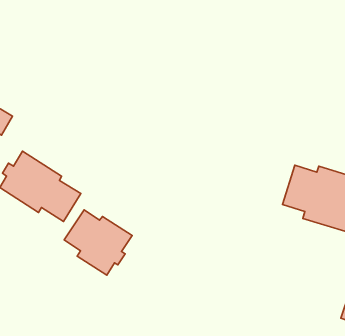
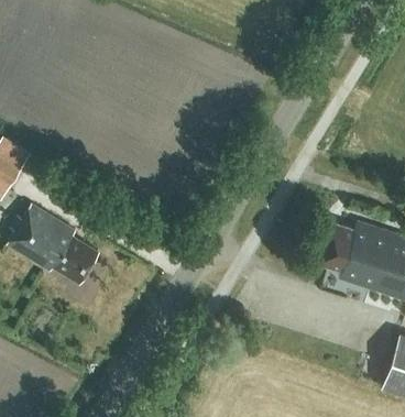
building: [64,210,132,275] -> none

